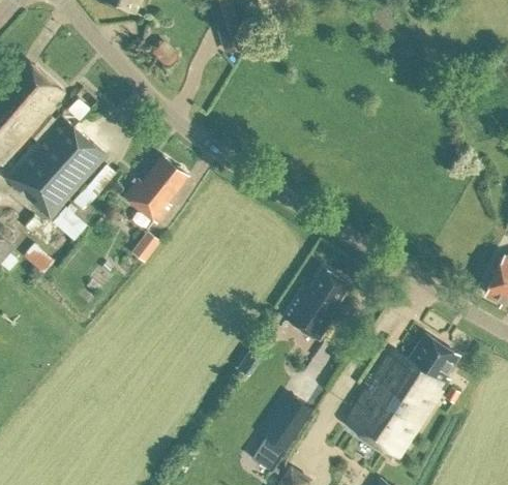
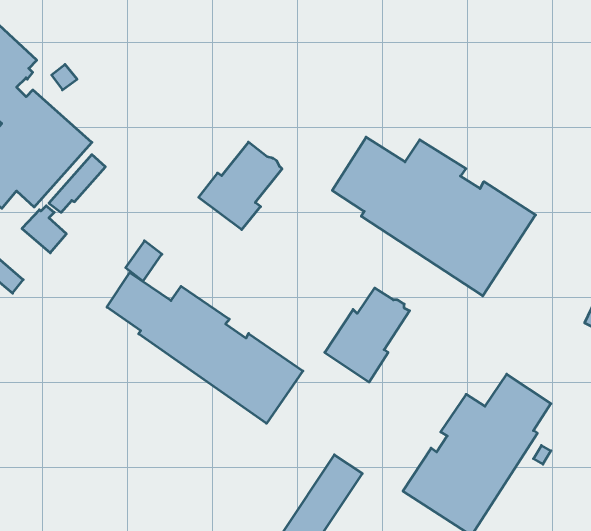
building: none -> [332,137,536,296]
building: [124,156,188,223] -> [199,142,282,230]
building: none -> [107,272,303,423]

